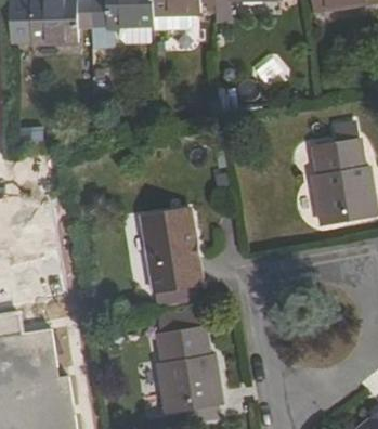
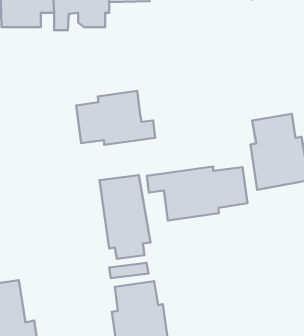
building: none -> [76,91,155,145]
building: none -> [147,166,247,220]

